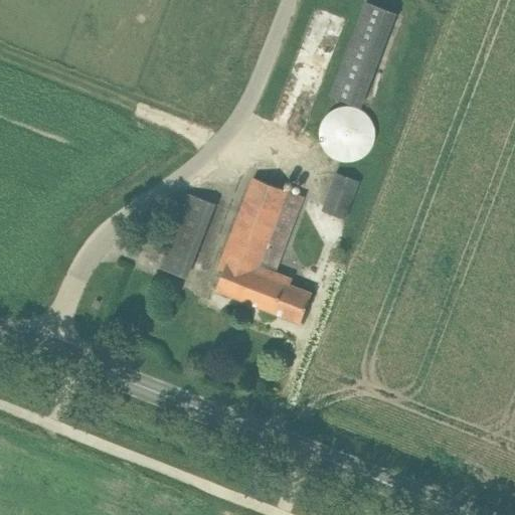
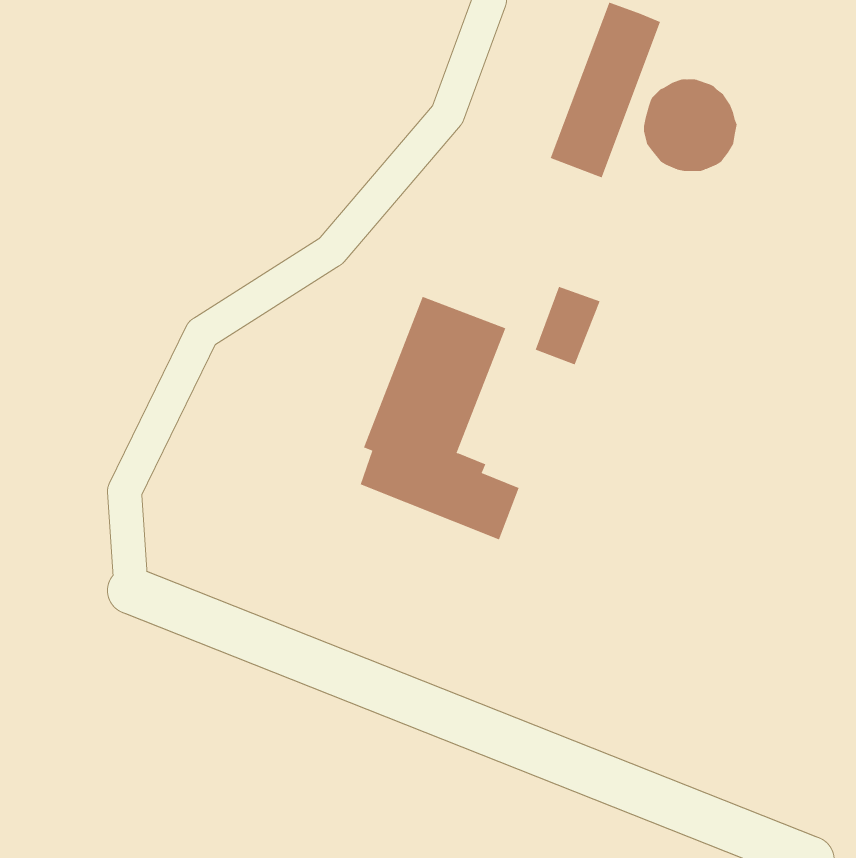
building: [318,107,374,162] -> [643,79,737,172]
building: [164,191,219,277] -> none

